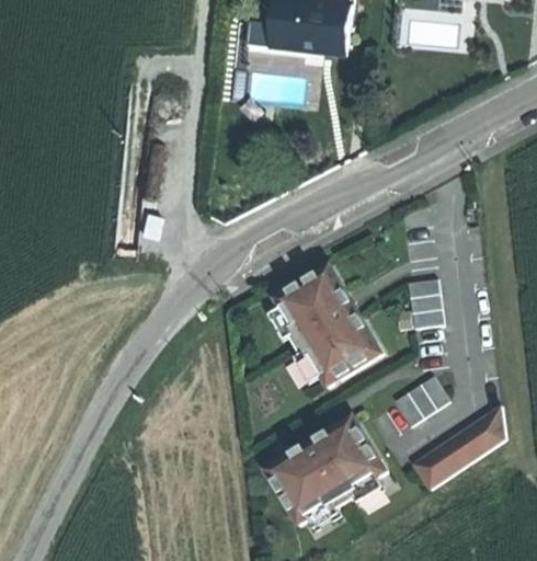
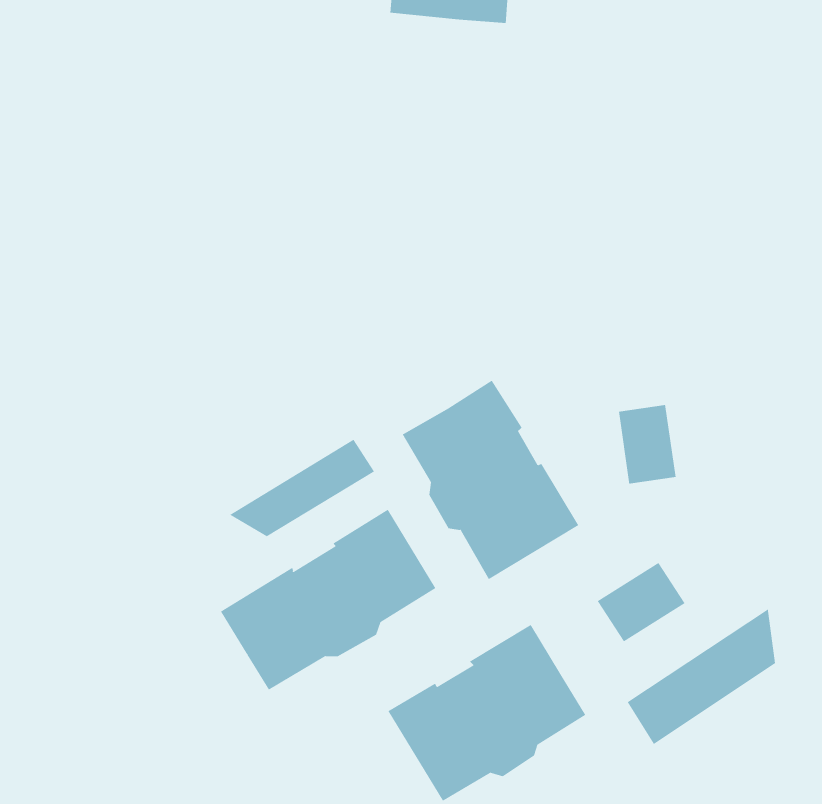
building: none -> [229,439,375,537]
building: none -> [220,509,436,691]

